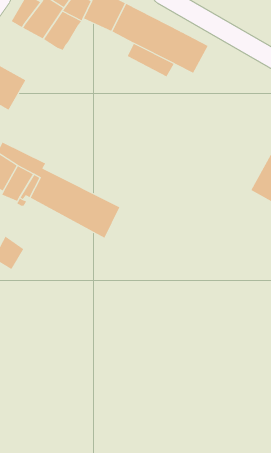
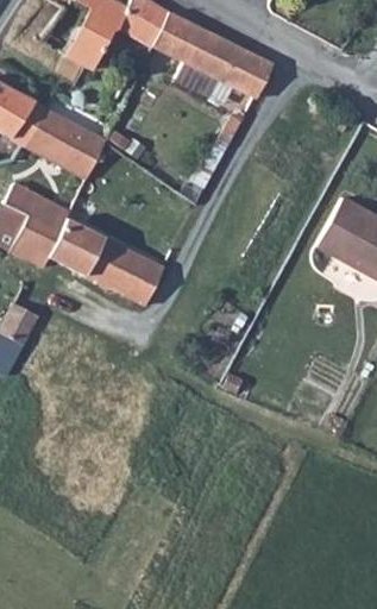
building: none -> [23,107,106,180]

